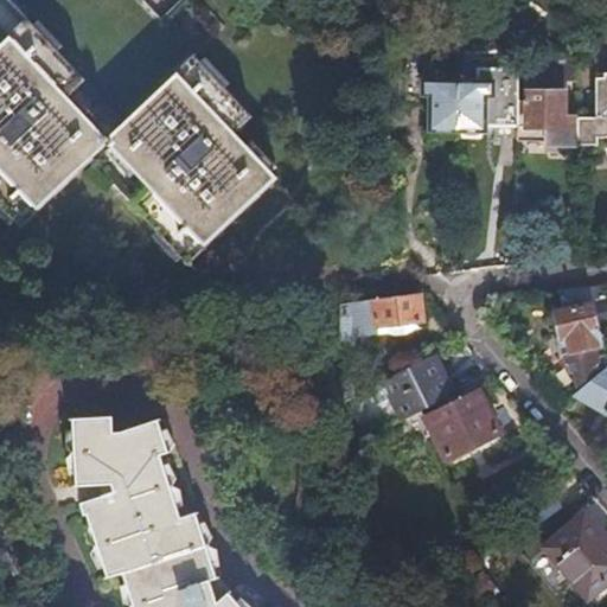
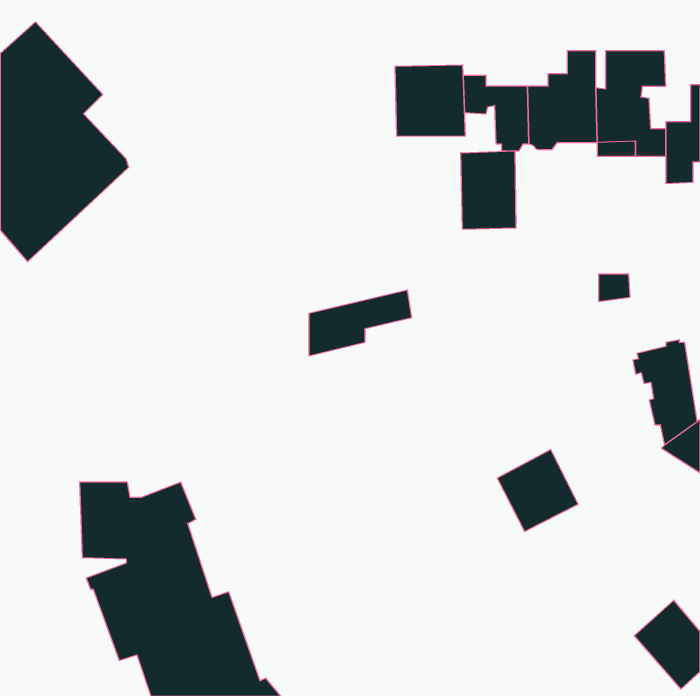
building: none -> [395,65,465,136]
building: [109,58,279,263] -> none
building: none -> [461,151,516,229]
building: [334,294,423,351] -> [309,290,412,356]
building: [389,362,445,417] -> none

